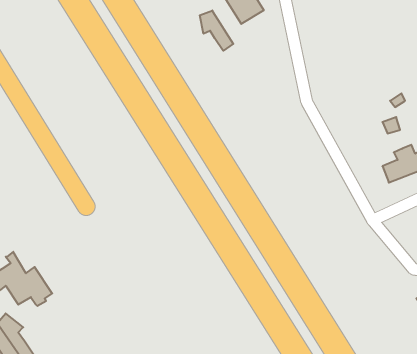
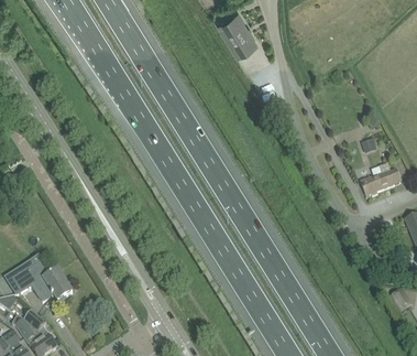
building: [200,10,233,51] -> none

